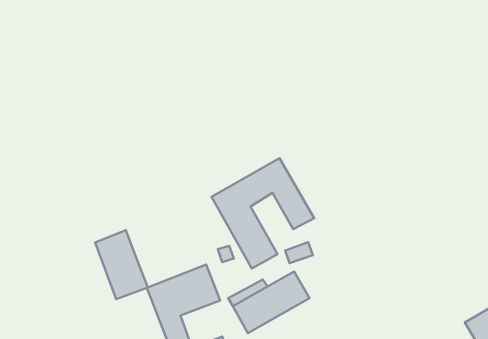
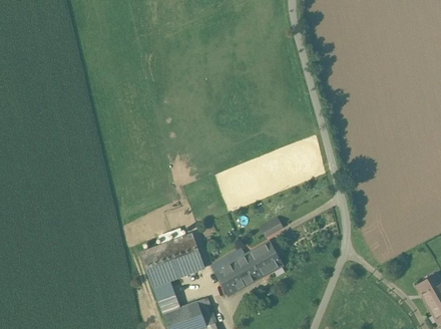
building: [212,158,314,269] -> none
building: [95,230,148,299] -> none

